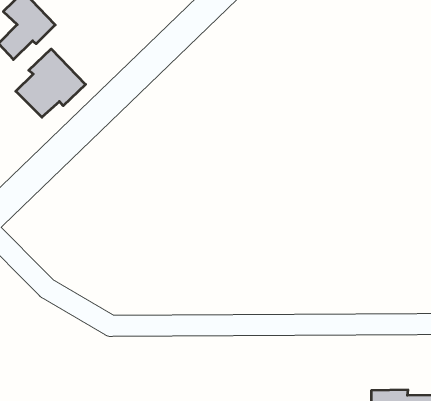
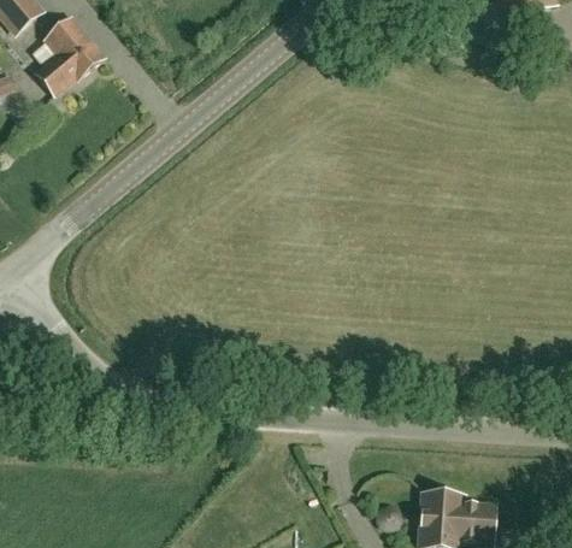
building: [16,49,86,117] -> none

